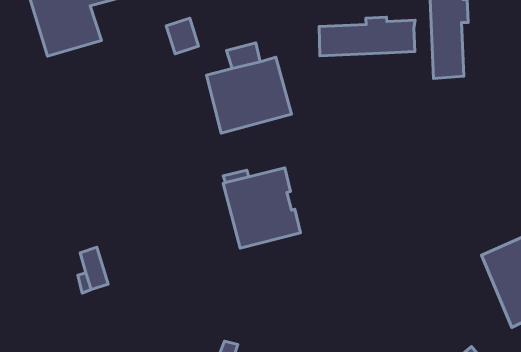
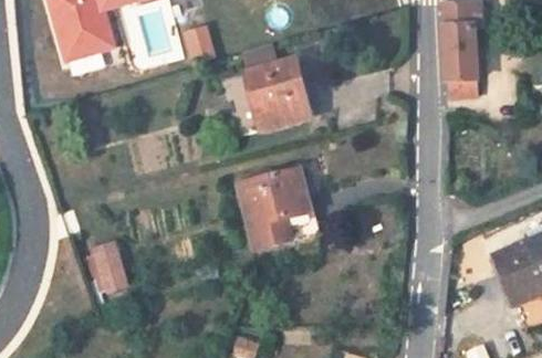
building: [319,17,415,56] -> none

